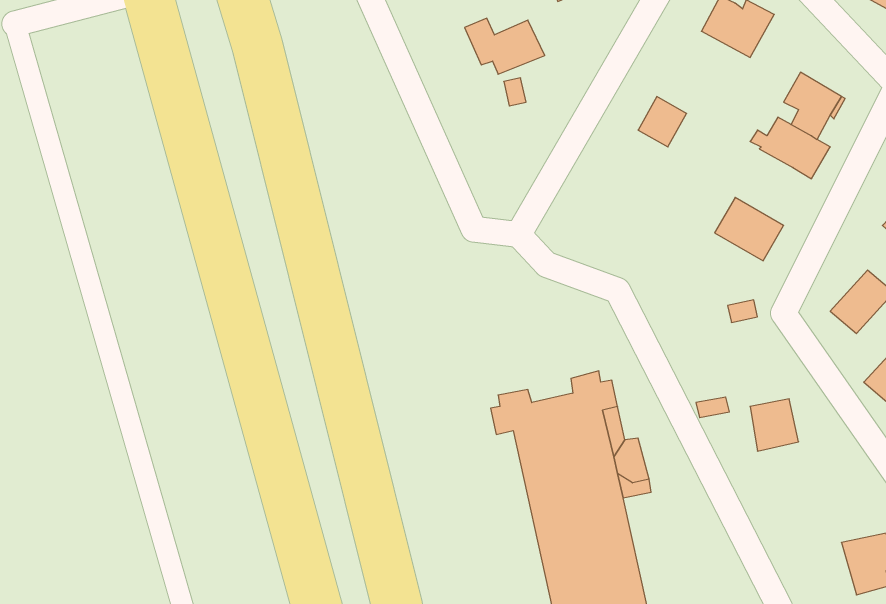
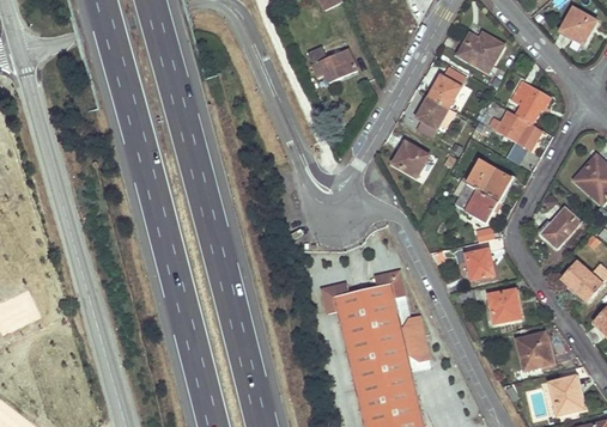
building: none -> [429,74,460,106]
building: none -> [393,141,429,176]
building: none -> [455,183,497,220]
building: none -> [465,249,493,279]
building: none -> [515,331,550,370]

